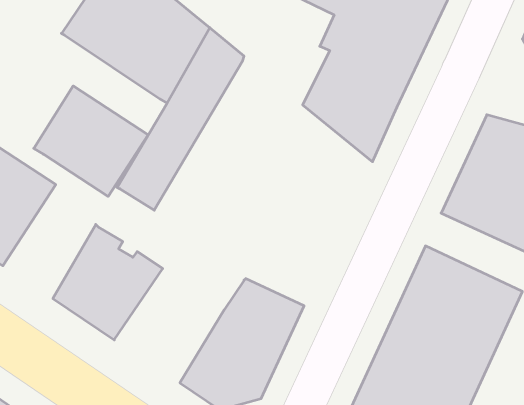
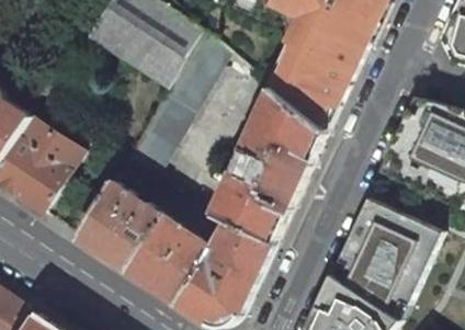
building: [34,86,148,196] -> none
building: none -> [213,89,325,243]
building: none -> [126,215,211,303]

